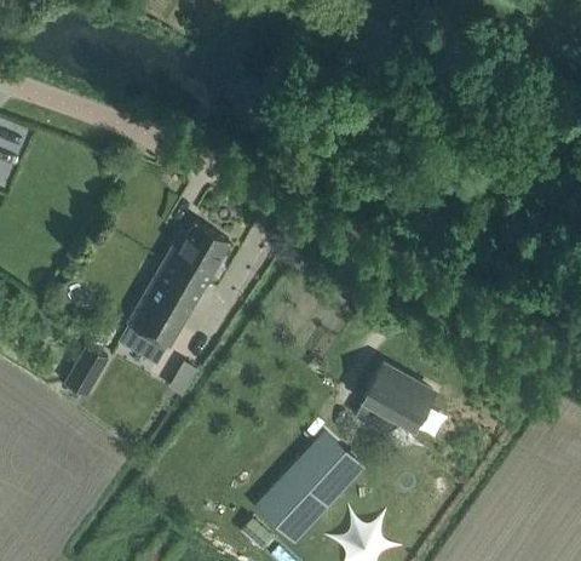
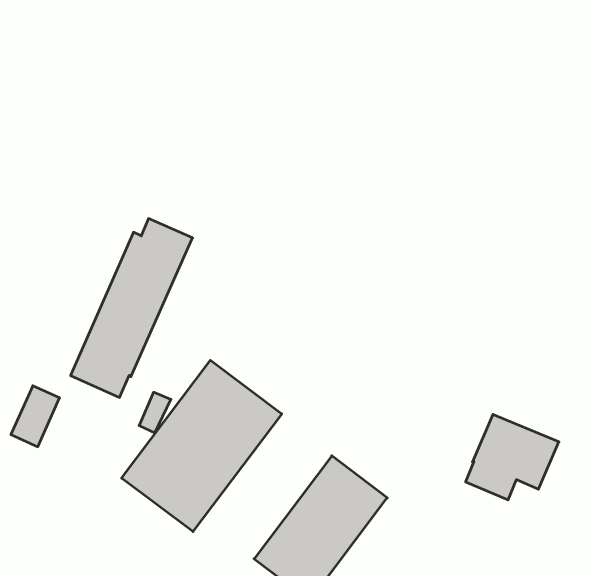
building: none -> [122,360,282,532]
building: [356,366,435,436] -> [466,414,559,500]

